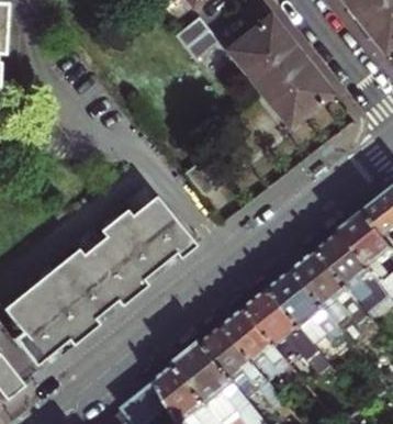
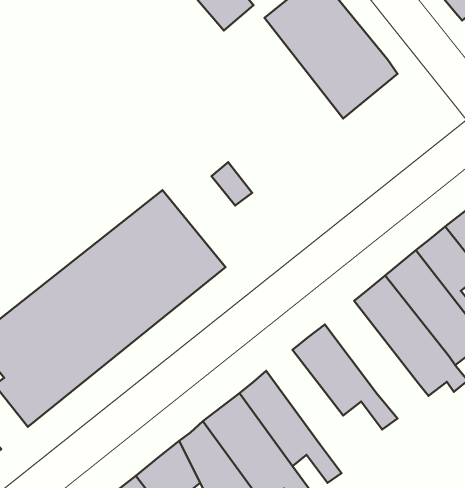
building: [272,267,346,339] -> none
building: [226,305,296,380] -> none

